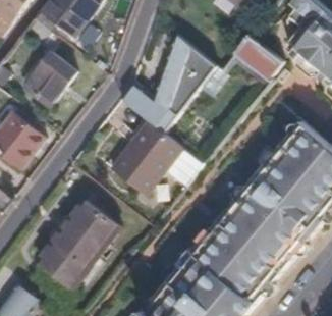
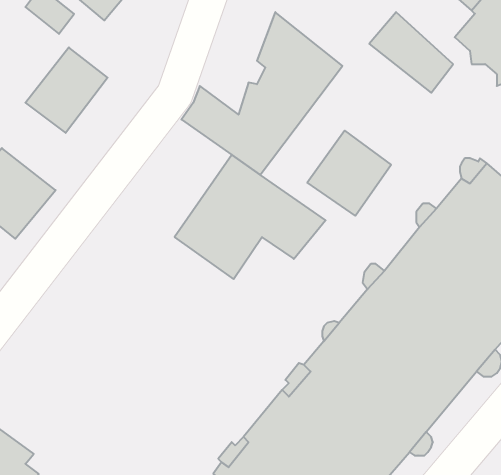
building: none -> [307,131,391,216]
building: [39,196,121,283] -> none

